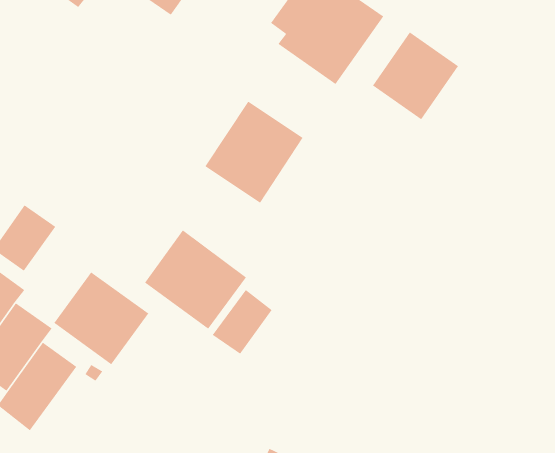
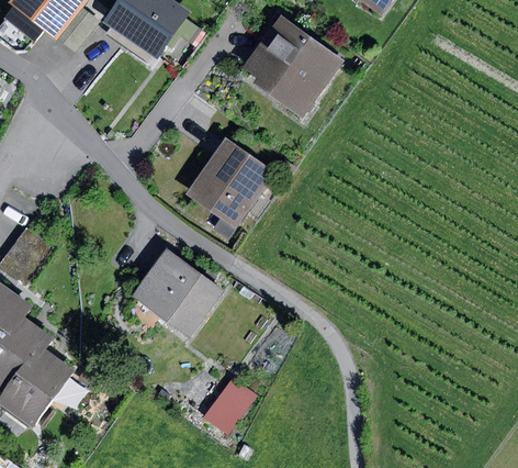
building: [372,31,459,120] -> none
building: [53,271,149,365] -> none
building: [212,289,273,355] -> [203,375,257,433]

